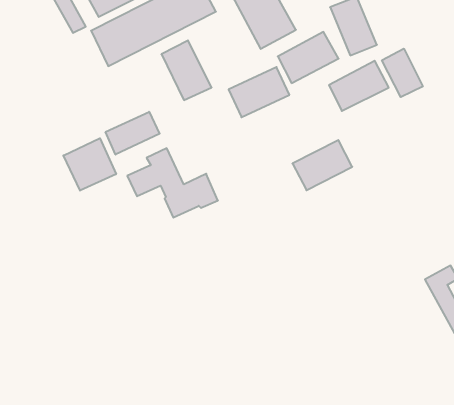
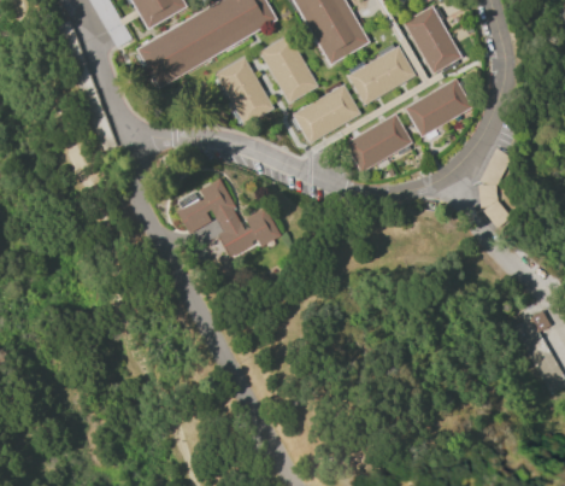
building: none -> [260,34,317,103]
building: [382,49,423,97] -> none
building: [106,112,160,155] -> none
building: [63,138,116,191] -> none
building: [292,140,352,190] -> [345,113,412,170]

